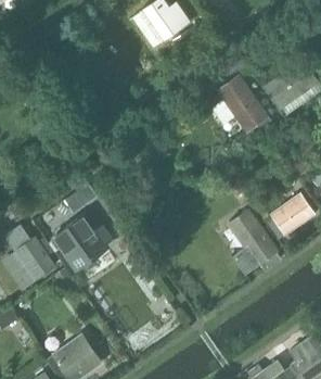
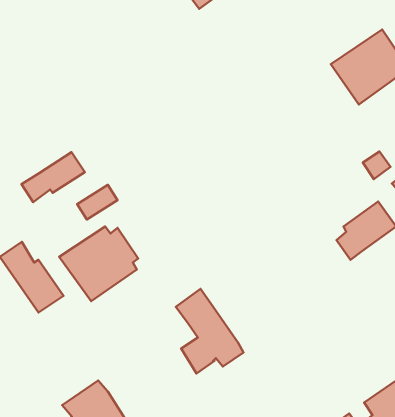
building: [210,75,272,139] -> none
building: none -> [21,152,85,202]
building: [228,210,281,276] -> [176,289,244,373]

